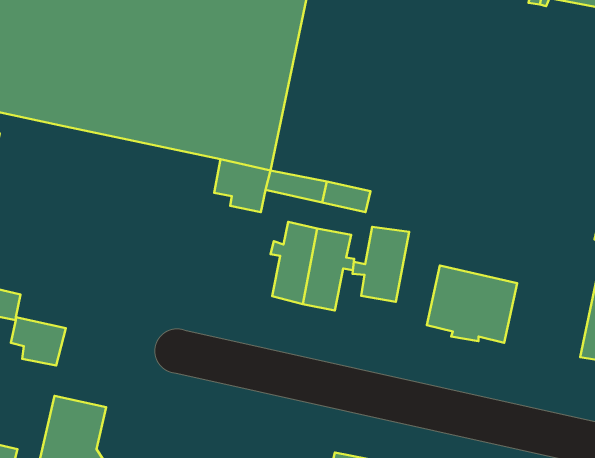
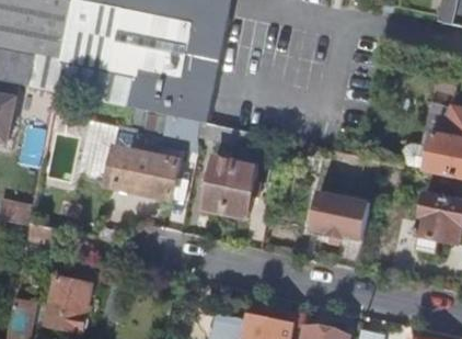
building: none -> [80,120,180,195]
building: [352,227,409,302] -> none

